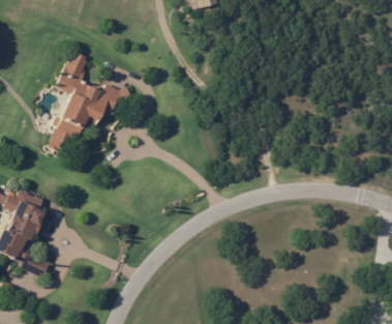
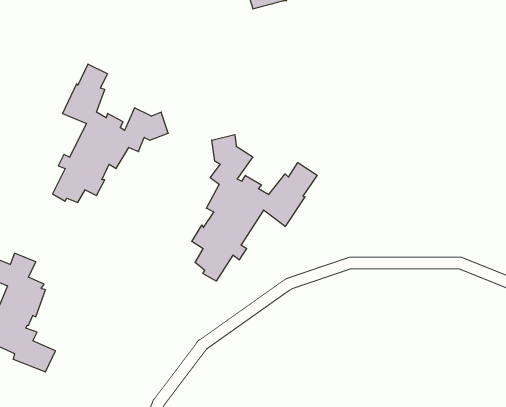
building: none -> [192,135,317,281]

